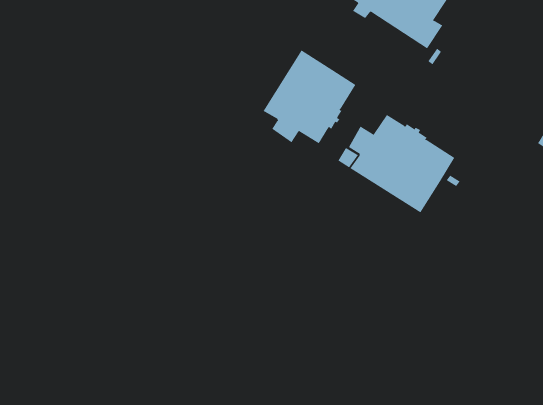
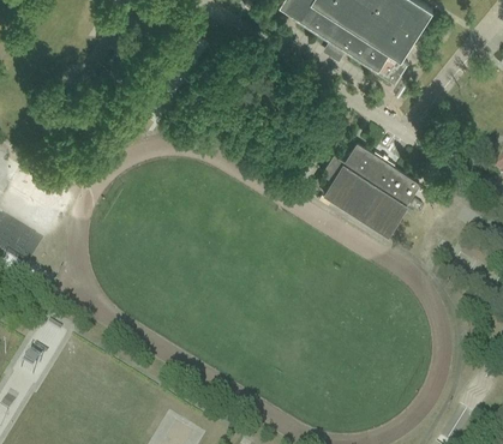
building: [263,50,356,144] -> none

